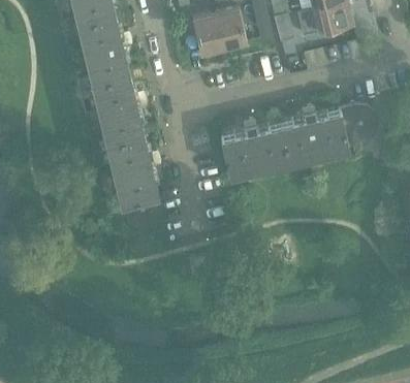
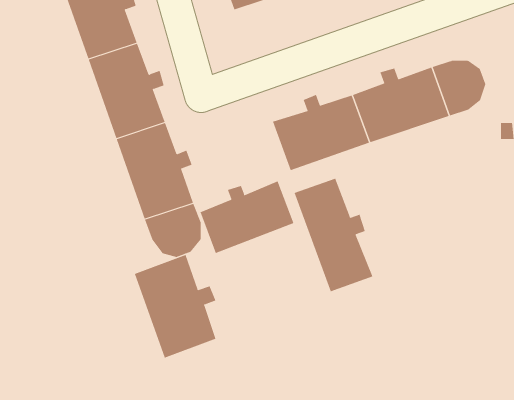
building: none -> [200,180,294,254]
building: none -> [294,178,373,292]
building: none -> [134,254,216,359]

